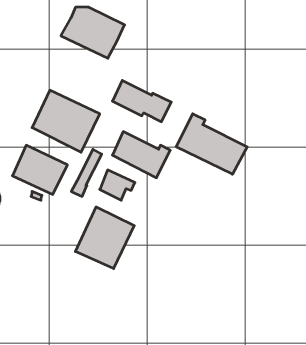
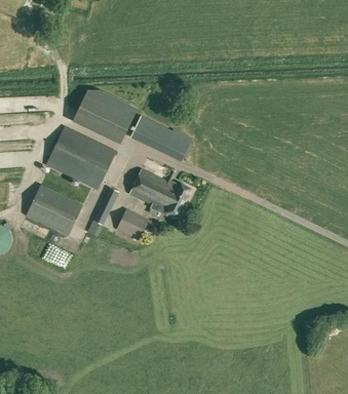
building: [61,7,125,58] -> [72,89,139,143]
building: [176,114,247,174] -> none
building: [75,207,134,269] -> none

